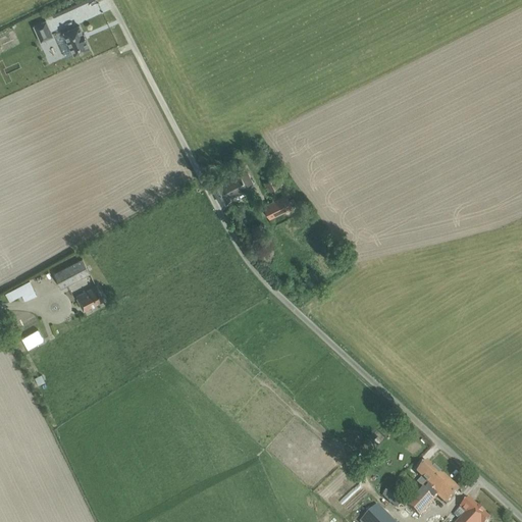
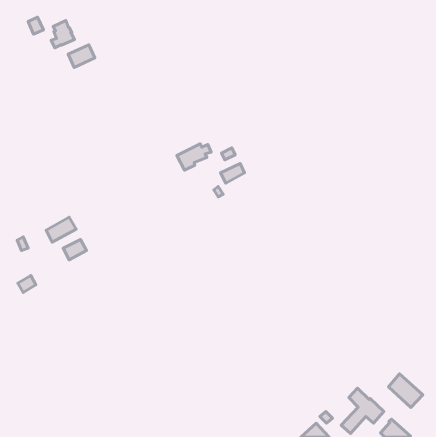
building: none -> [68,45,95,67]
building: none -> [389,374,423,408]

